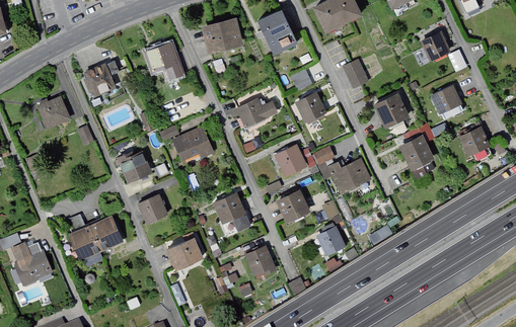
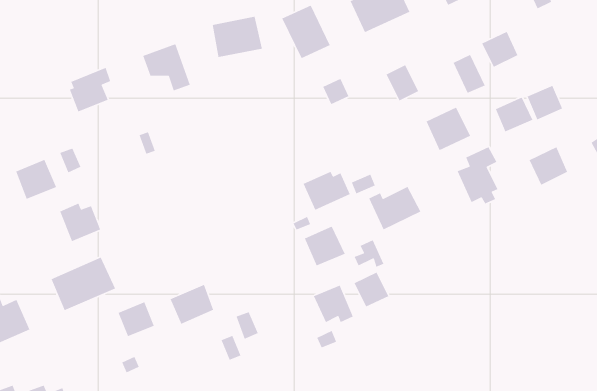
building: none -> [453,54,486,94]
building: none -> [526,85,563,120]
building: [294,90,326,128] -> none
building: [36,96,71,130] -> [15,159,57,200]
building: [235,96,279,130] -> none
building: [160,125,214,162] -> none
building: [117,151,151,183] -> [59,203,101,242]
building: [212,192,250,231] -> none
building: [138,194,168,224] -> [118,301,155,337]
building: [243,245,277,276] -> [313,285,354,323]

